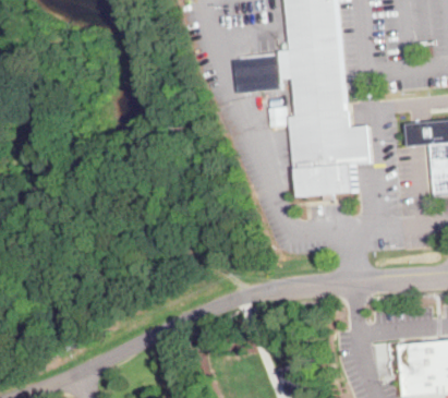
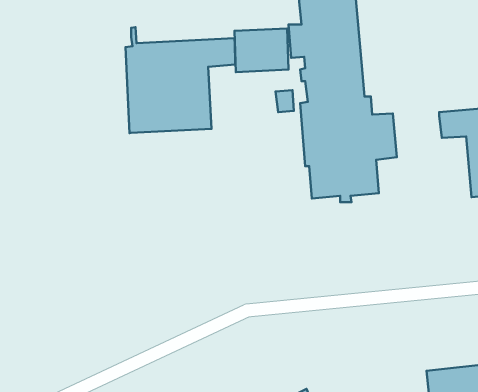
building: none -> [125,27,235,133]

